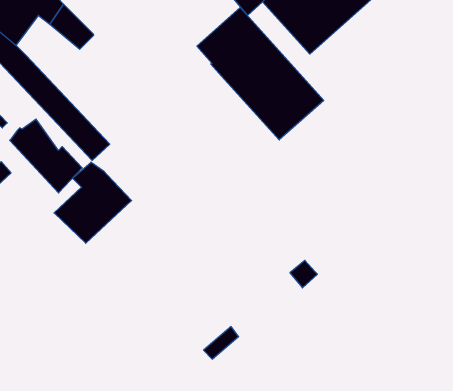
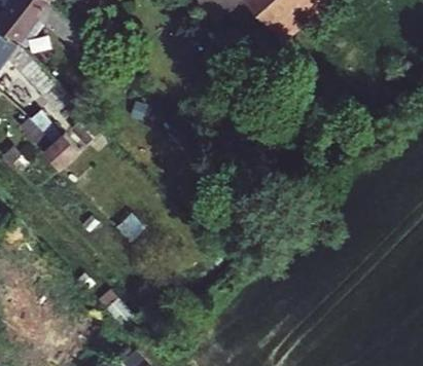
building: [197,8,324,140] -> none
building: [54,162,132,243] -> none

